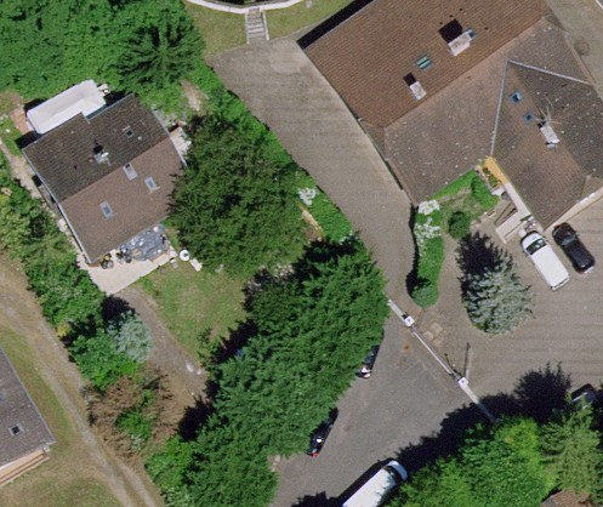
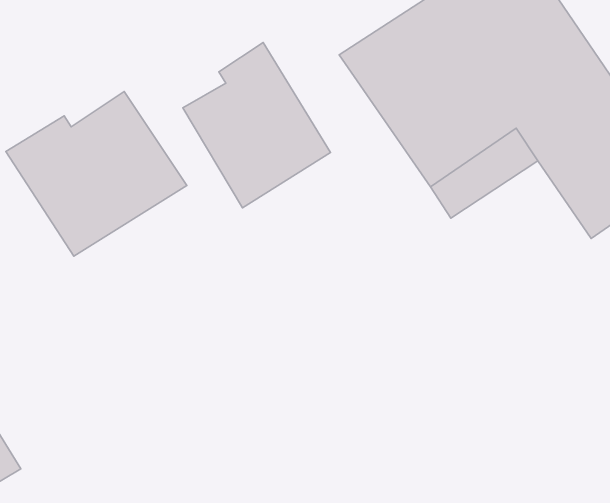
building: none -> [183,43,330,208]

